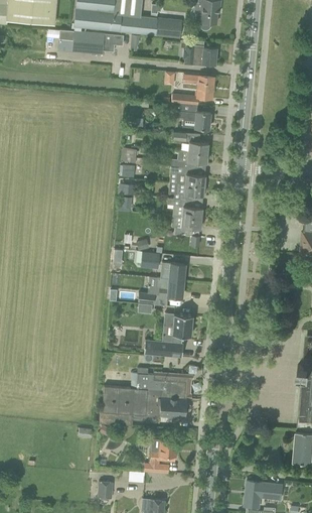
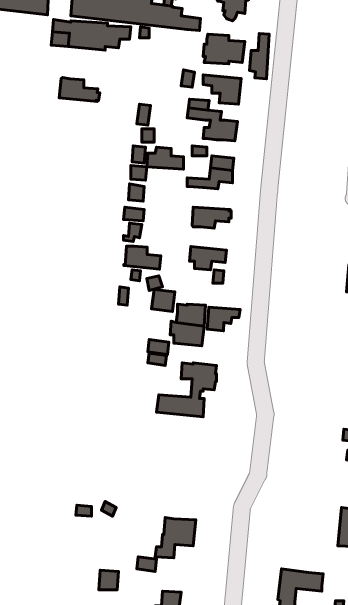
building: none -> [250,33,269,79]
building: none -> [59,78,100,102]
building: [175,167,205,185] -> [147,147,183,169]
building: [173,200,203,219] -> [124,246,161,269]
building: none -> [207,307,240,331]
building: [100,372,188,424] -> none

